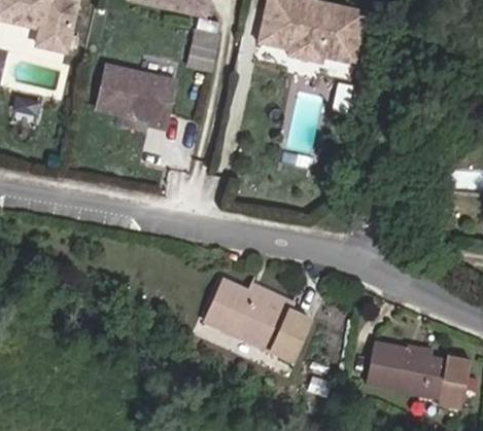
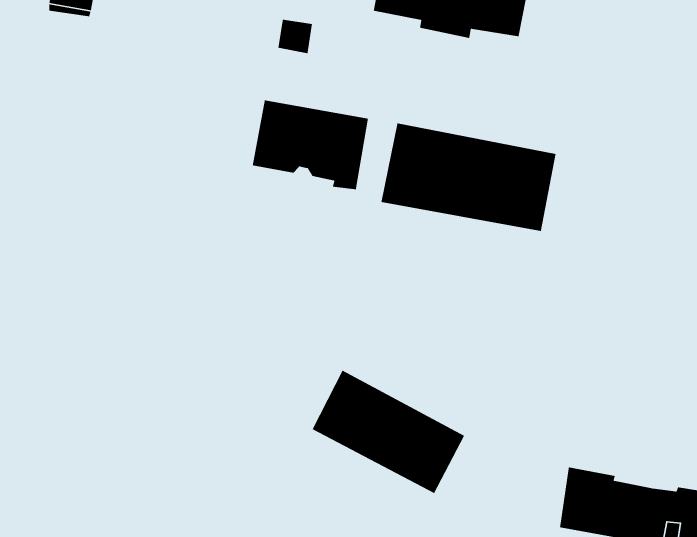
building: [96,64,174,124] -> [252,100,369,190]
building: none -> [381,122,557,232]

